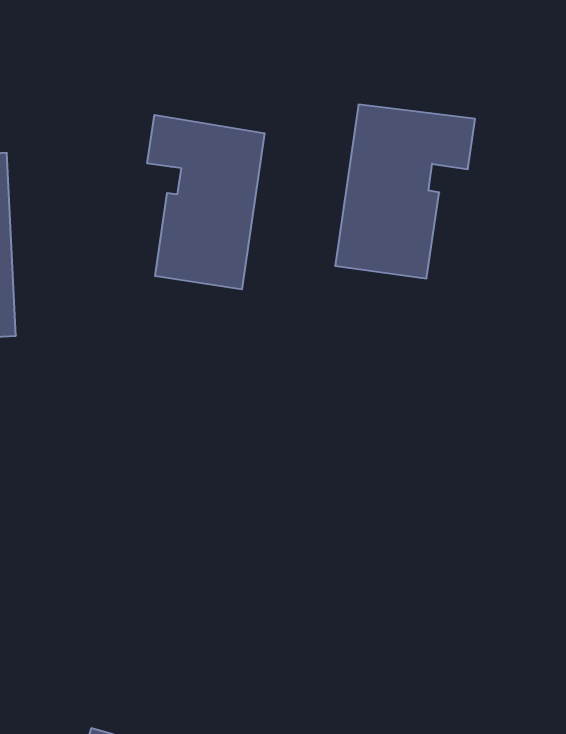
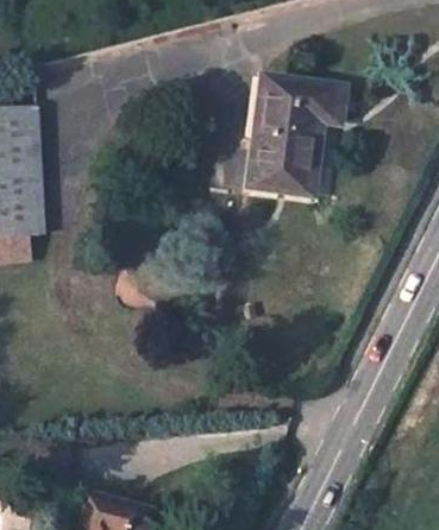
building: [147,115,265,289] -> none

